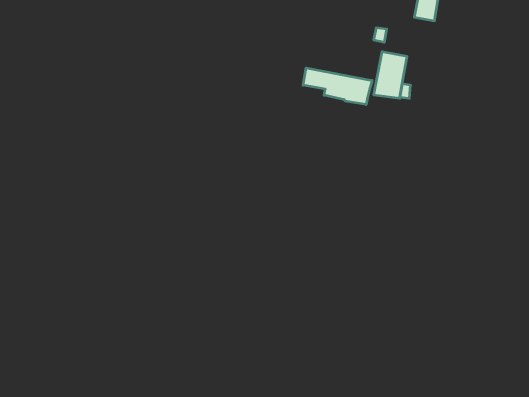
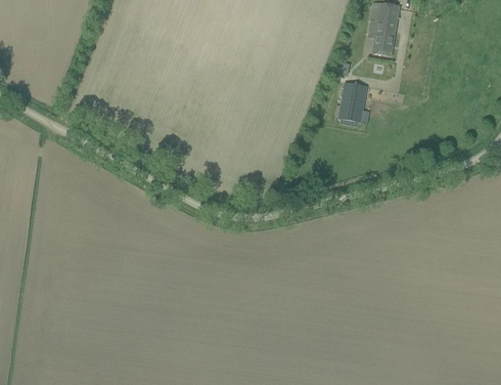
building: [303,68,372,105] -> none

